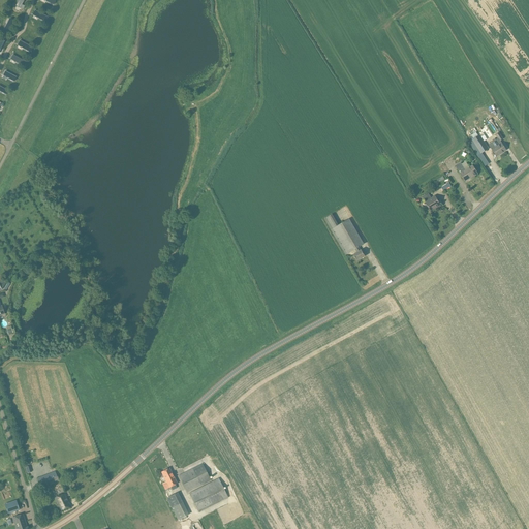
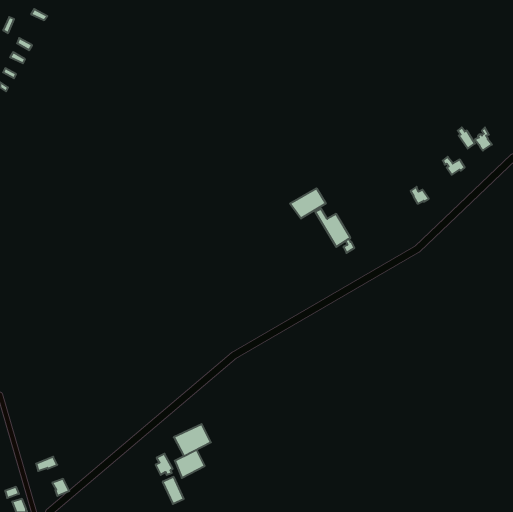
building: none -> [290,188,326,219]
building: [189,478,227,511] -> [174,424,211,456]

